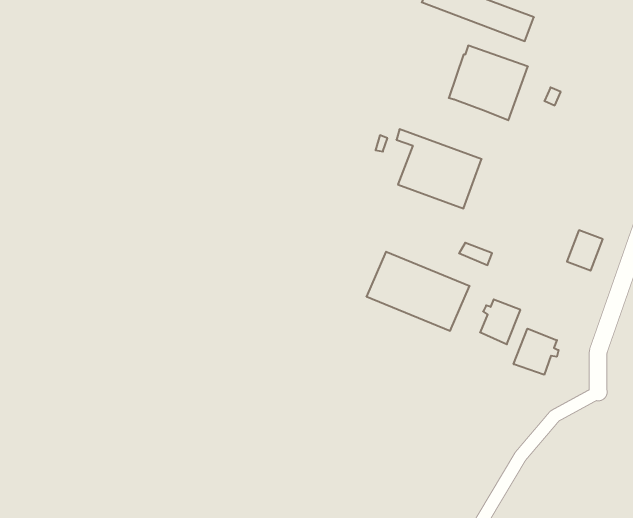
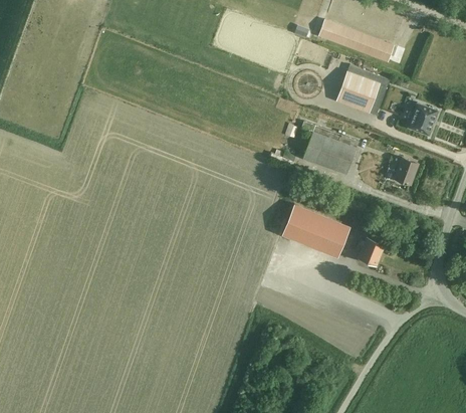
building: none -> [407,101,437,134]
building: [567,230,603,271] -> [393,157,417,184]
building: [514,329,559,375] -> none

